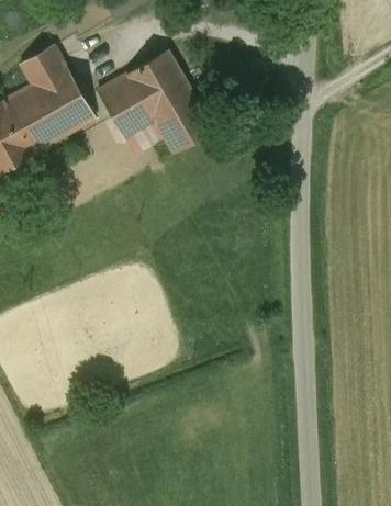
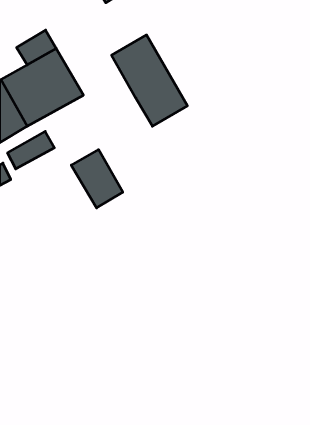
building: [97,72,155,138] -> [71,150,123,208]
building: none -> [8,131,54,169]

